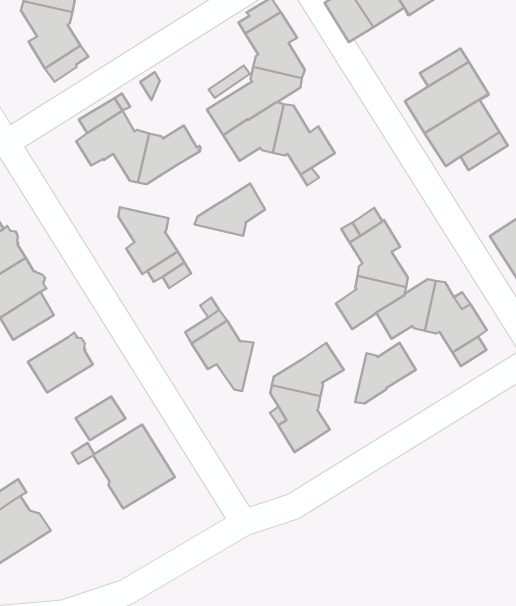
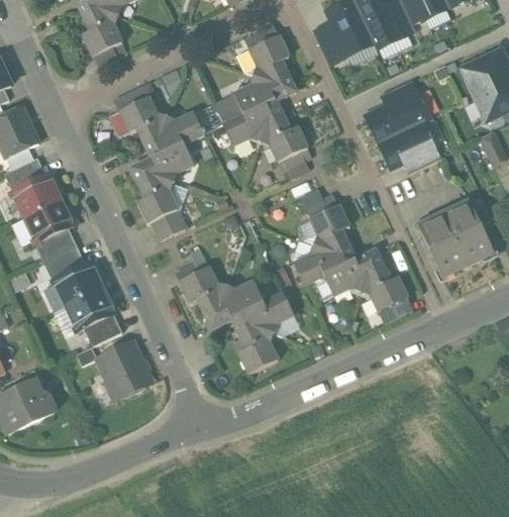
building: [194,184,265,236] -> [137,143,193,183]
building: none -> [43,246,86,280]
building: [355,343,416,404] -> [214,281,264,324]
building: none -> [65,288,115,331]

